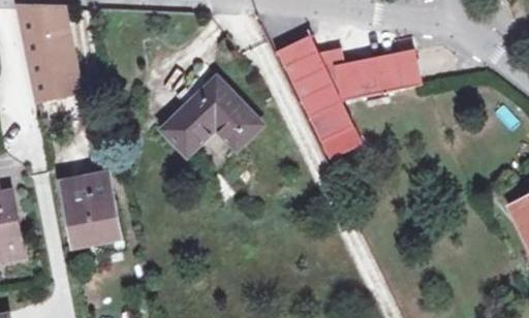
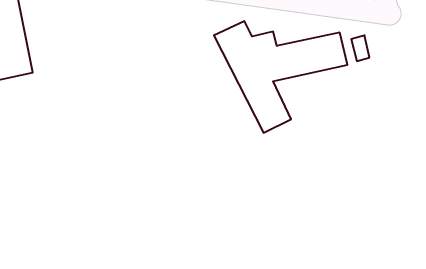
building: [161,76,259,152] -> none
building: [62,176,120,245] -> none

